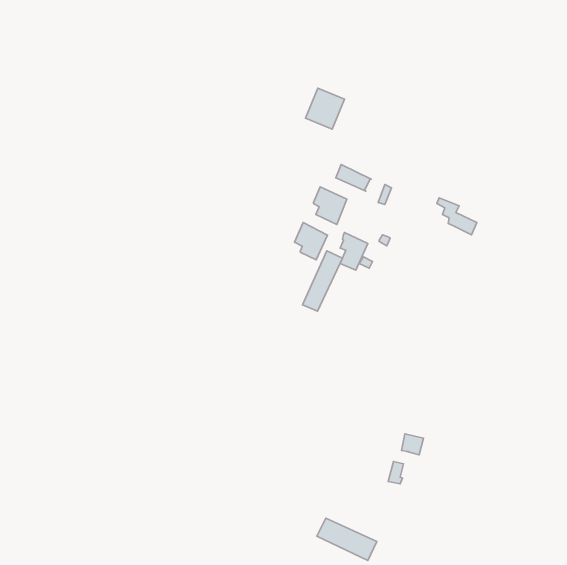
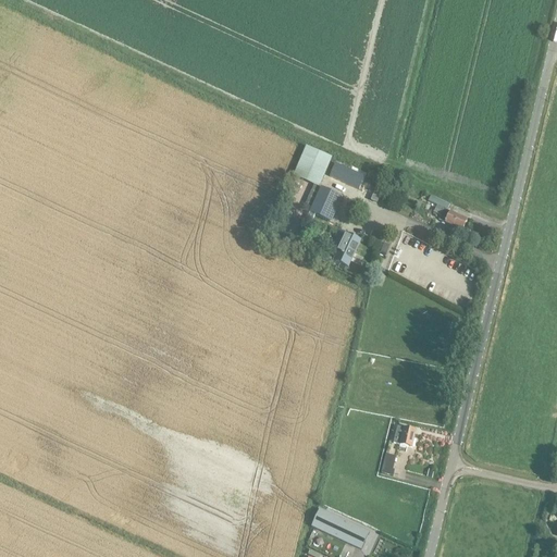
building: [306,88,344,129] -> [294,144,332,184]
building: [294,223,327,260] -> none
building: [302,251,343,311] -> none

